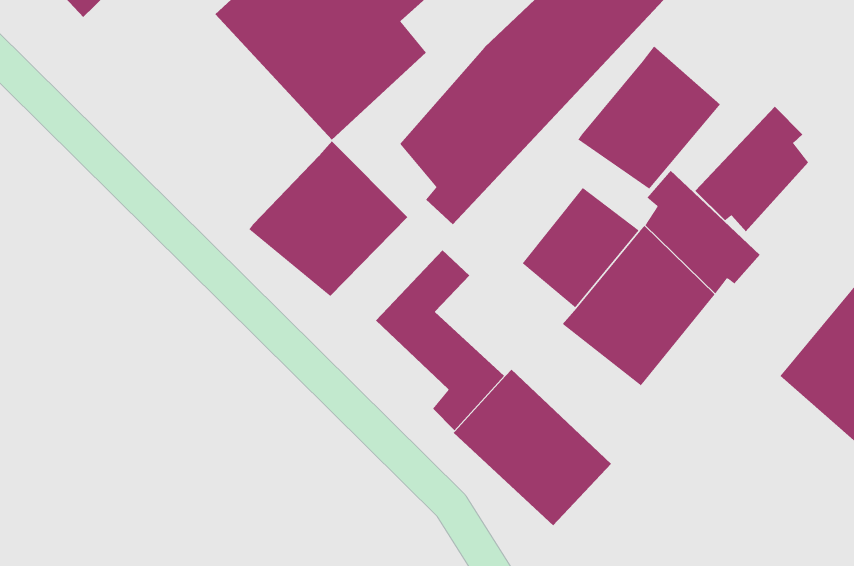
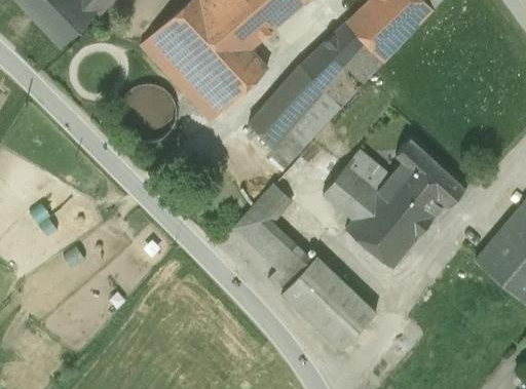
building: [578,46,721,189] -> none
building: [694,106,809,232] -> none
building: [248,141,408,297] -> none

